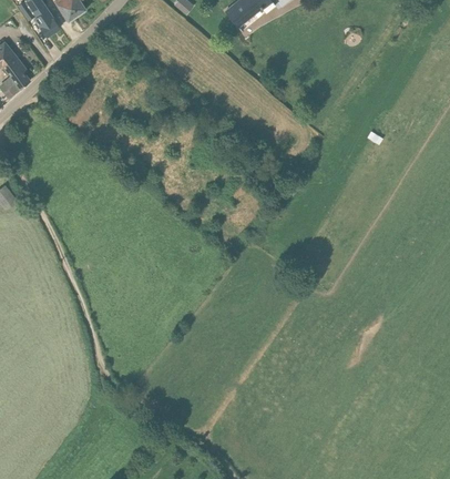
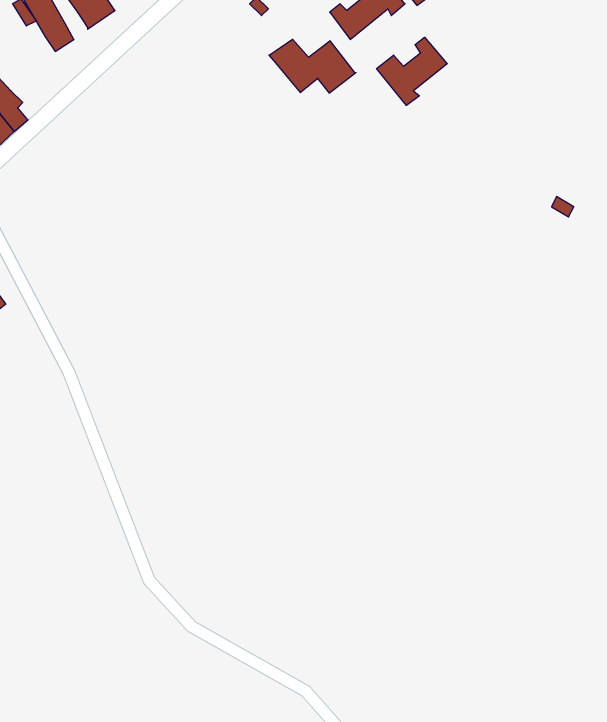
building: none -> [377,37,447,105]
building: none -> [269,39,356,93]

